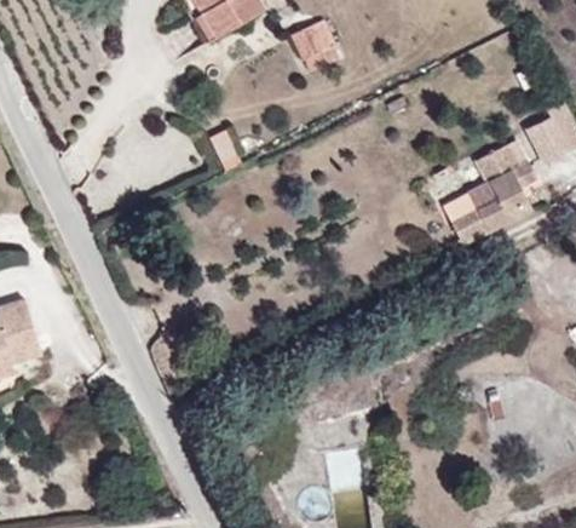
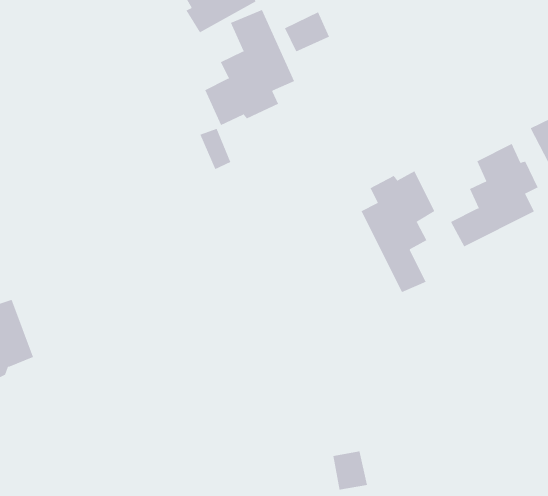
building: none -> [204,9,295,126]
building: none -> [361,171,435,293]

